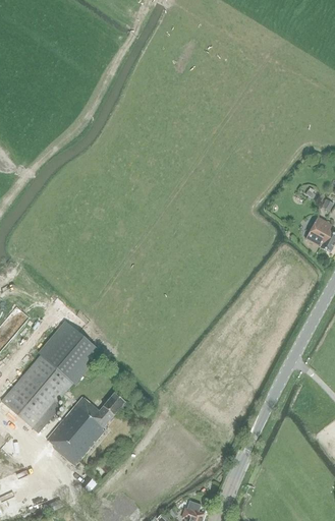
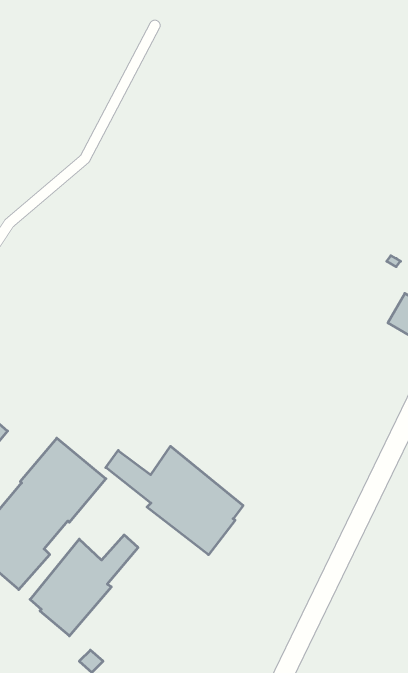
building: none -> [106,446,243,555]

